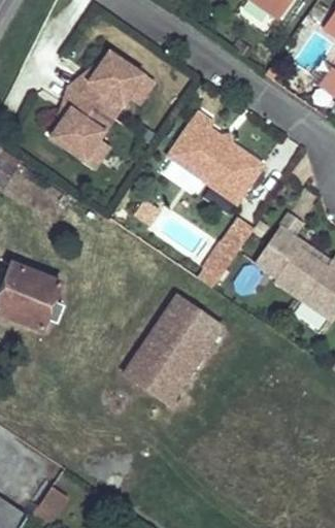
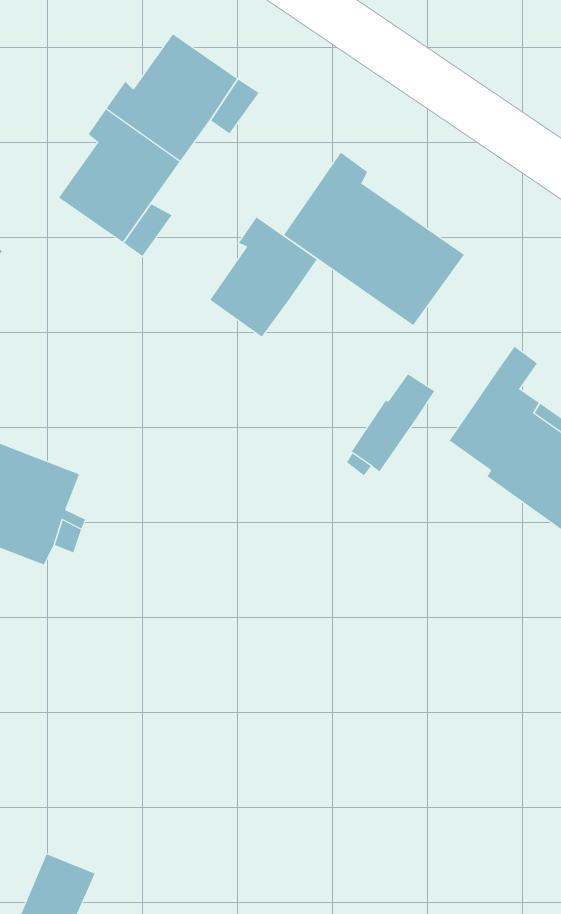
building: none -> [209,216,318,337]
building: [123,295,221,403] -> none

